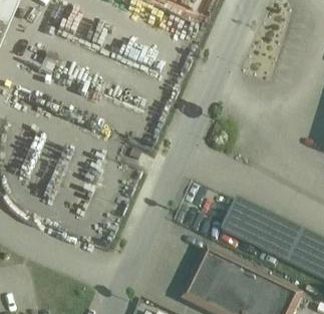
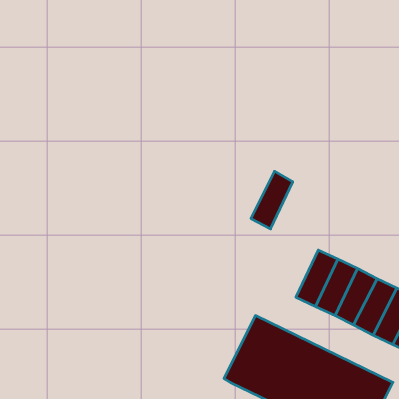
building: [224,189,256,233] -> [251,171,293,229]

